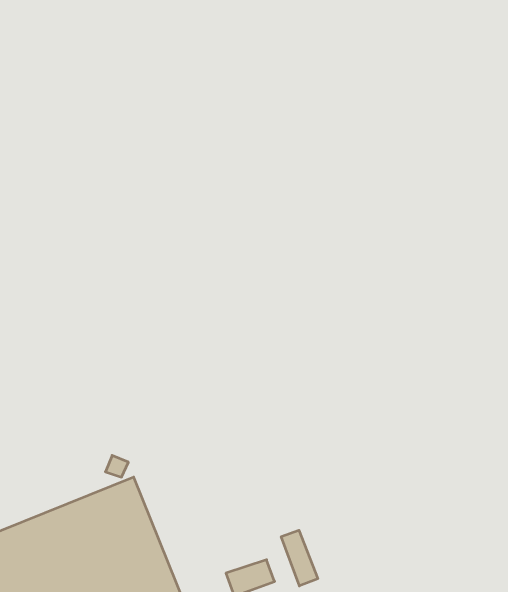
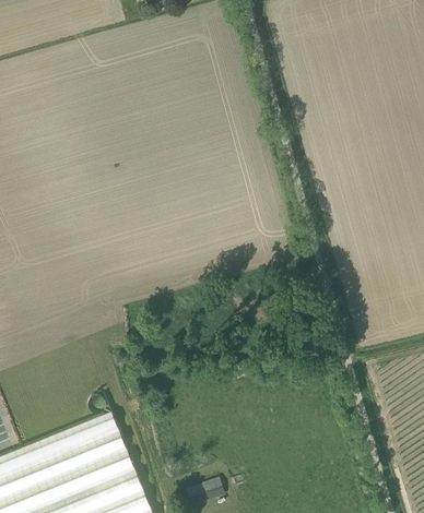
building: [281,530,318,586] -> none

